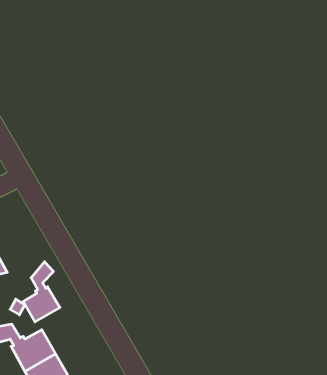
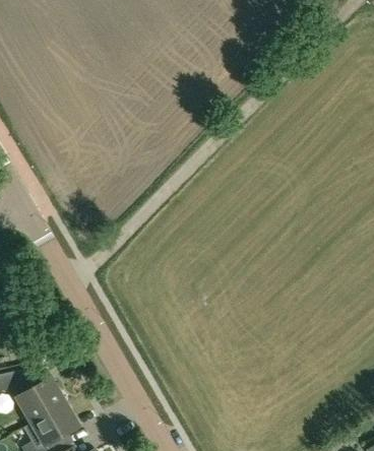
building: [23,262,60,322] -> none

